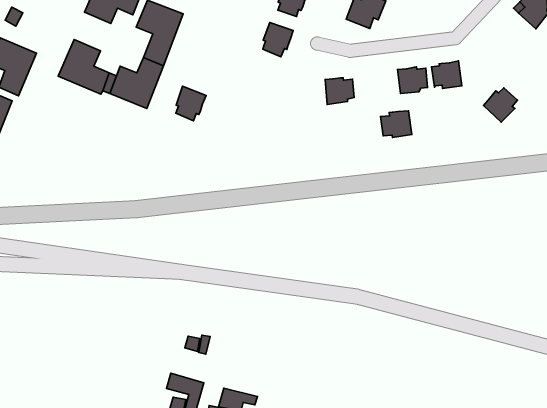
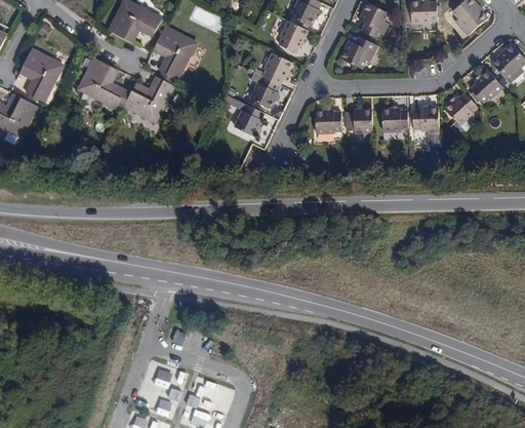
building: none -> [471,70,502,102]
building: none -> [251,79,279,110]
building: [176,86,206,121] -> [237,105,266,137]
building: [484,88,517,122] -> [446,93,477,124]
building: [380,111,412,137] -> [346,109,372,131]

